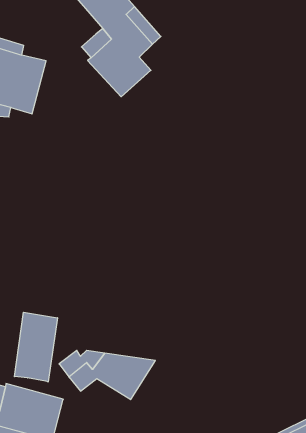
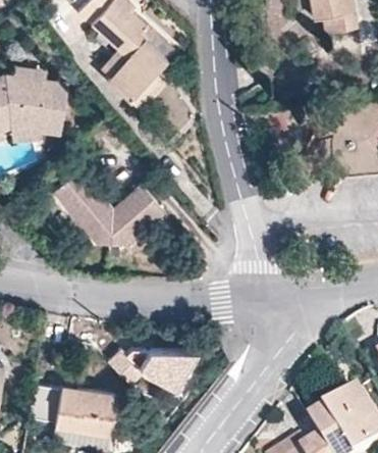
building: none -> [52,168,164,245]
building: [14,312,57,382] -> none

